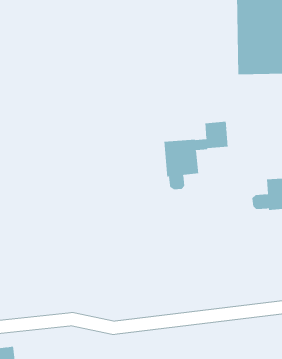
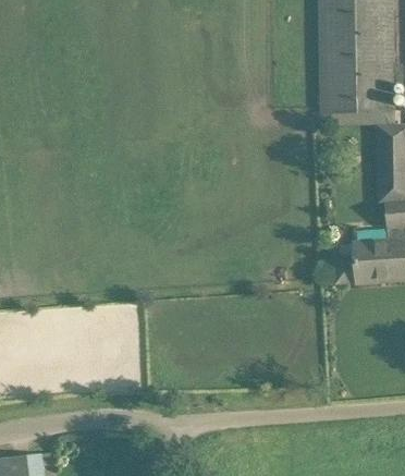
building: [164,121,228,190] -> none

